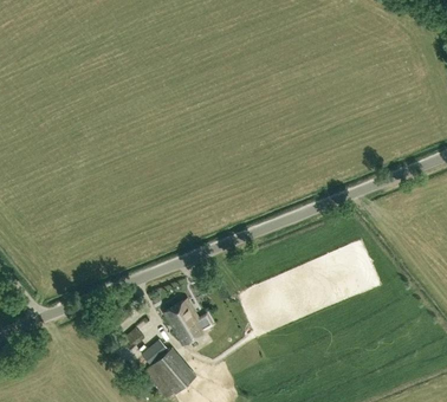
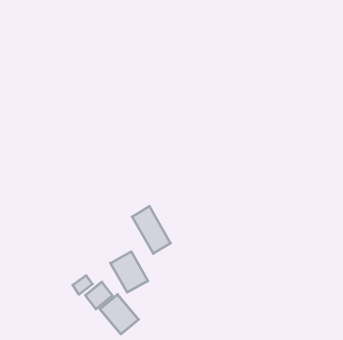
building: none -> [132,206,171,254]

